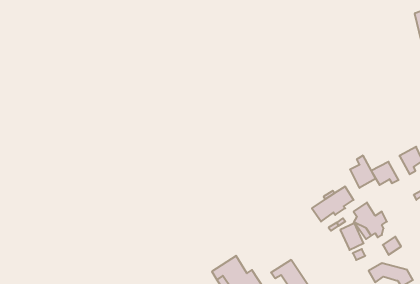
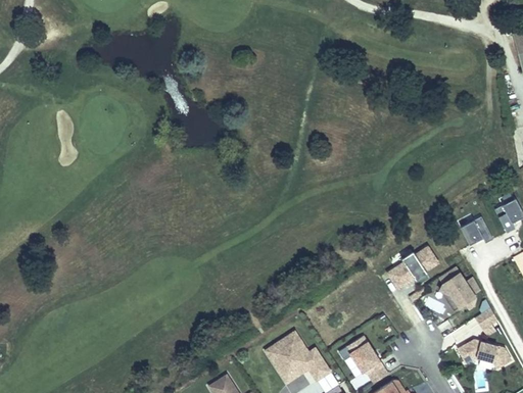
building: [350,155,375,188] -> none

